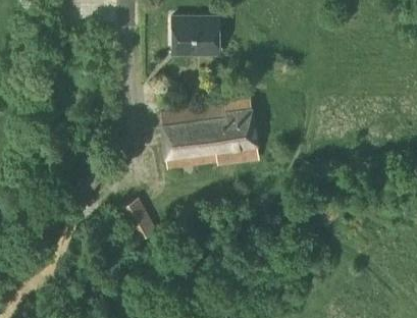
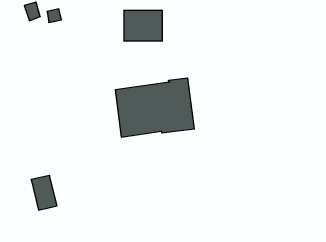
building: [122,197,154,238] -> [31,175,57,210]

